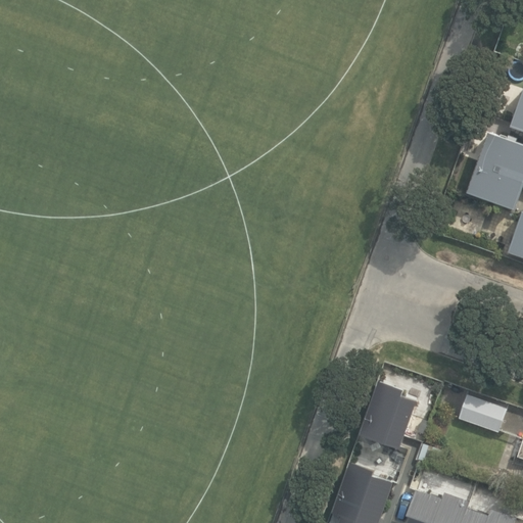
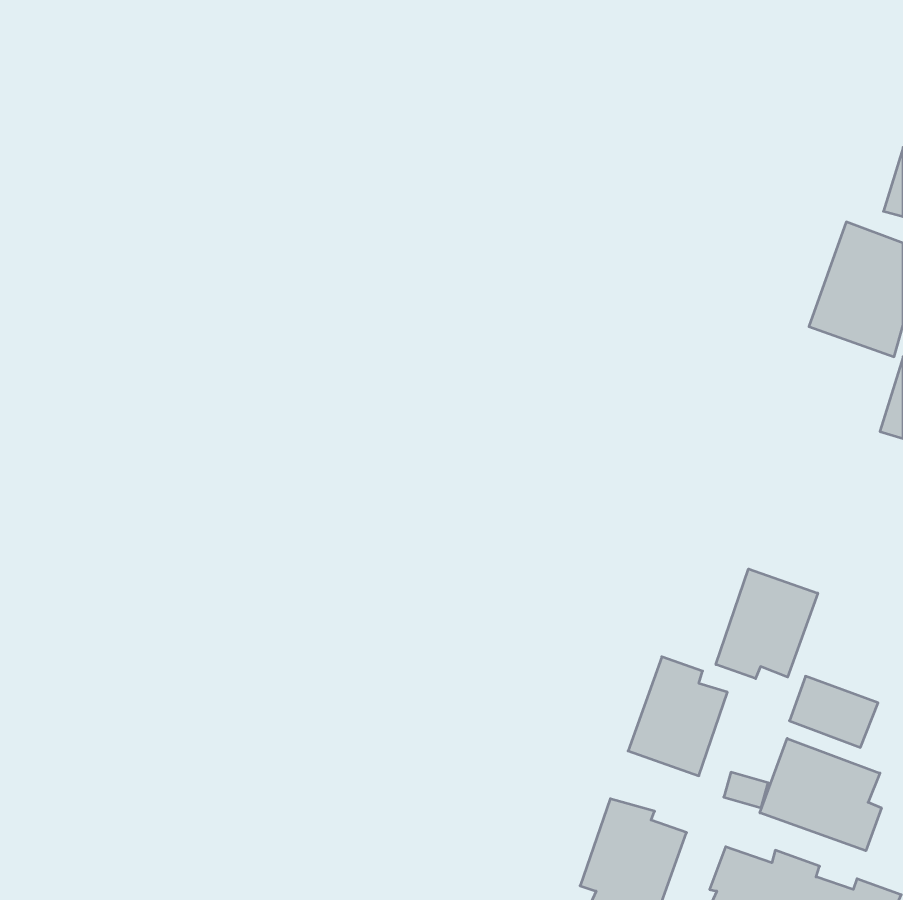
building: none -> [716,569,818,679]
building: none -> [760,738,881,851]

